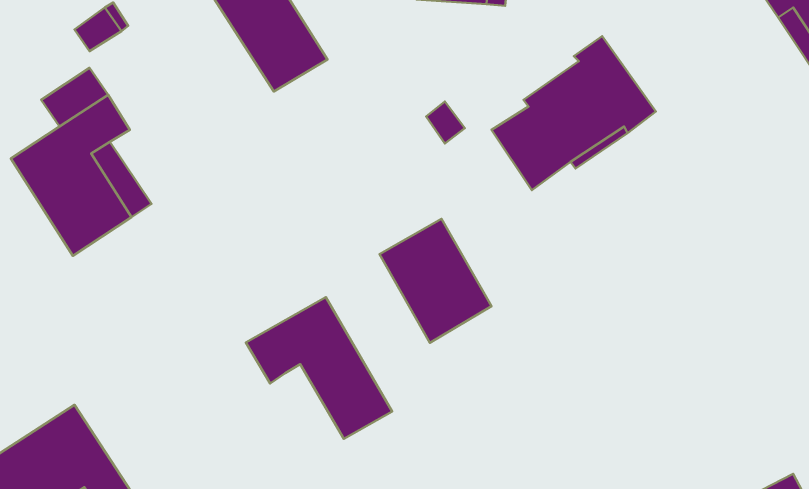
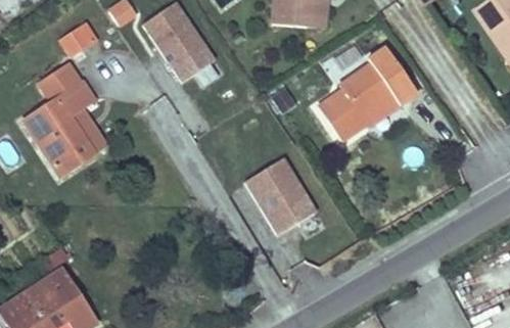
building: [246,297,392,439] -> none

